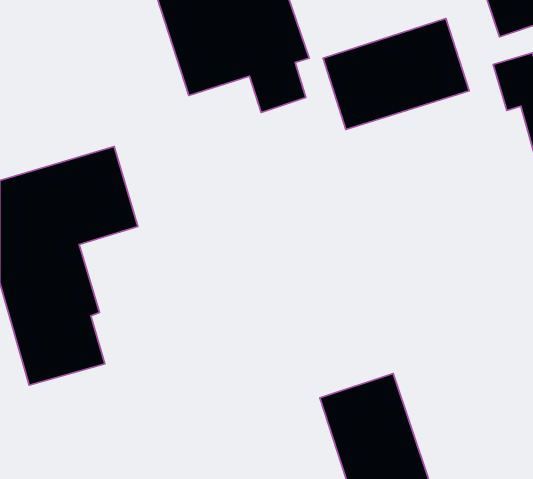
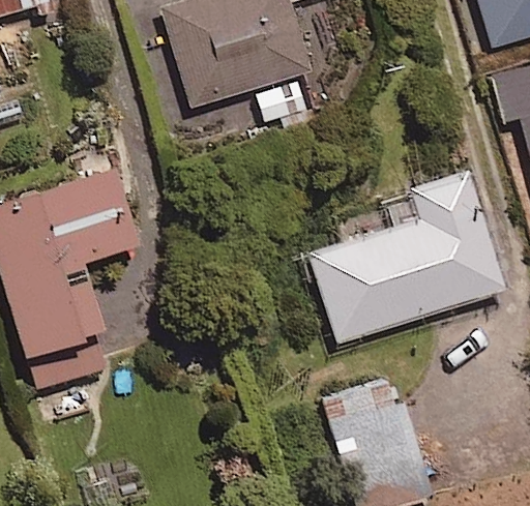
building: [323,19,469,130] -> none
building: none -> [306,172,503,340]

